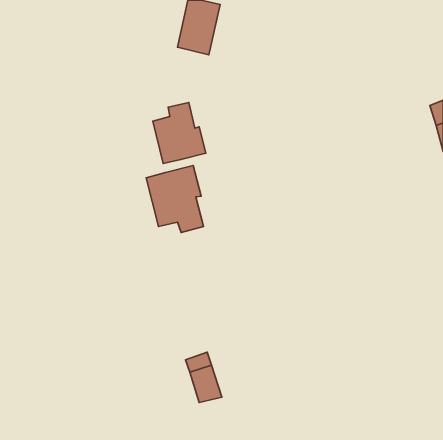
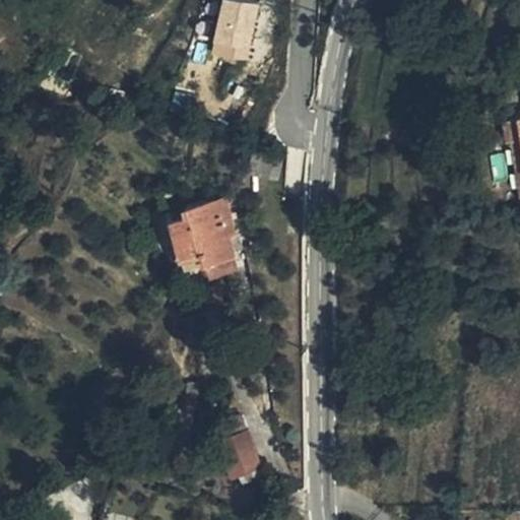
building: [153,103,206,163] -> none

